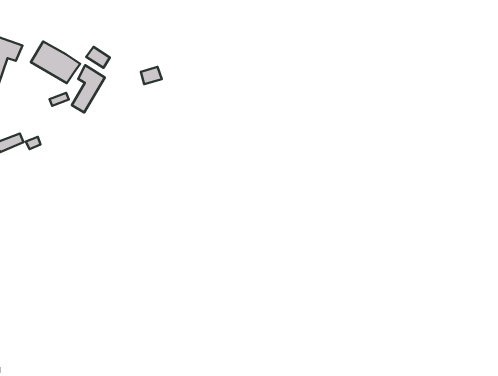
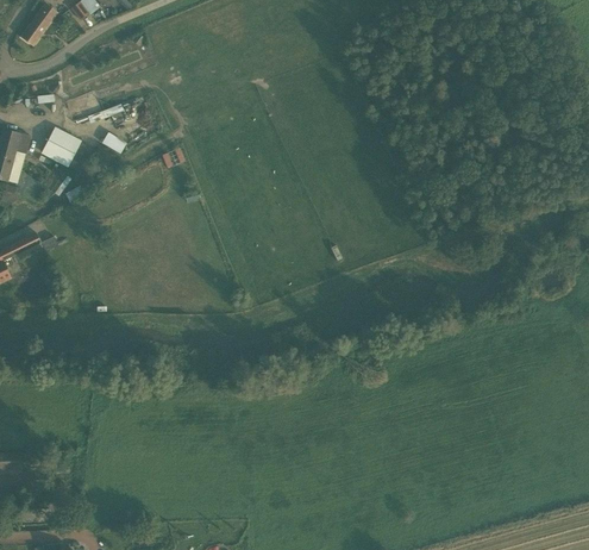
building: [72,65,105,112] -> none

